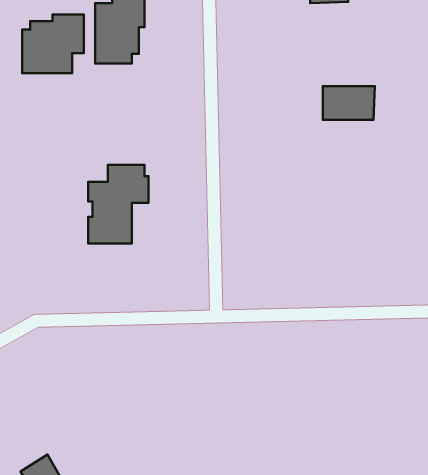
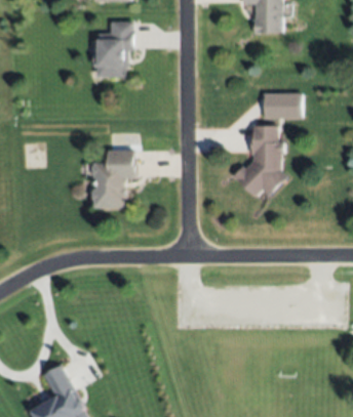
building: [22,14,84,73] -> none
building: none -> [233,125,287,198]

